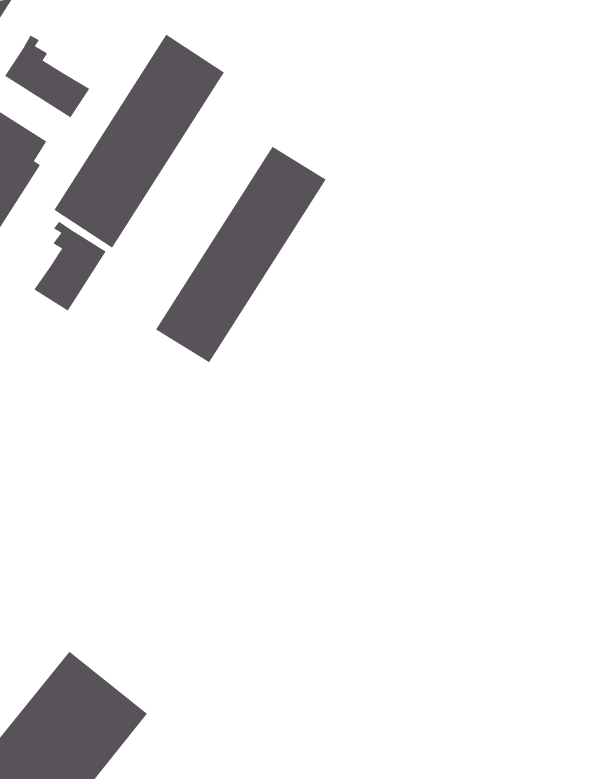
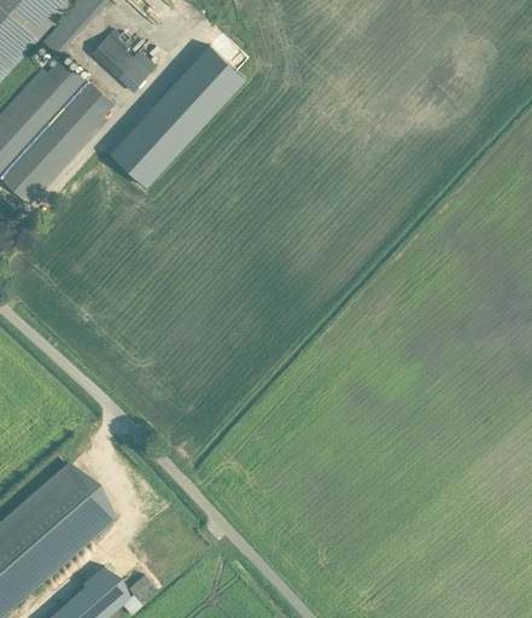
building: [155,146,326,363] -> none
building: [33,221,106,312] -> none

